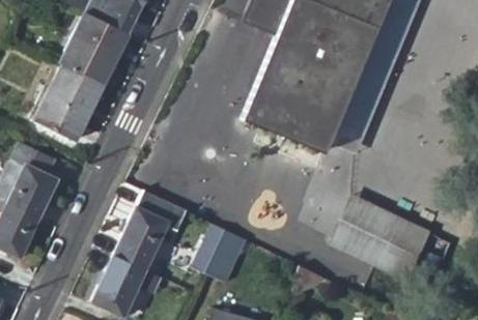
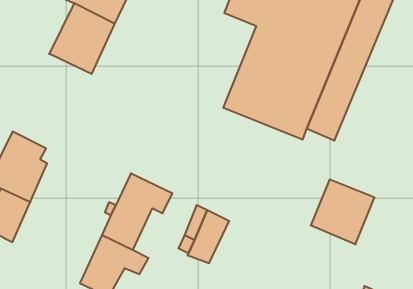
building: [33,65,104,142] -> none
building: [378,213,428,273] -> none

